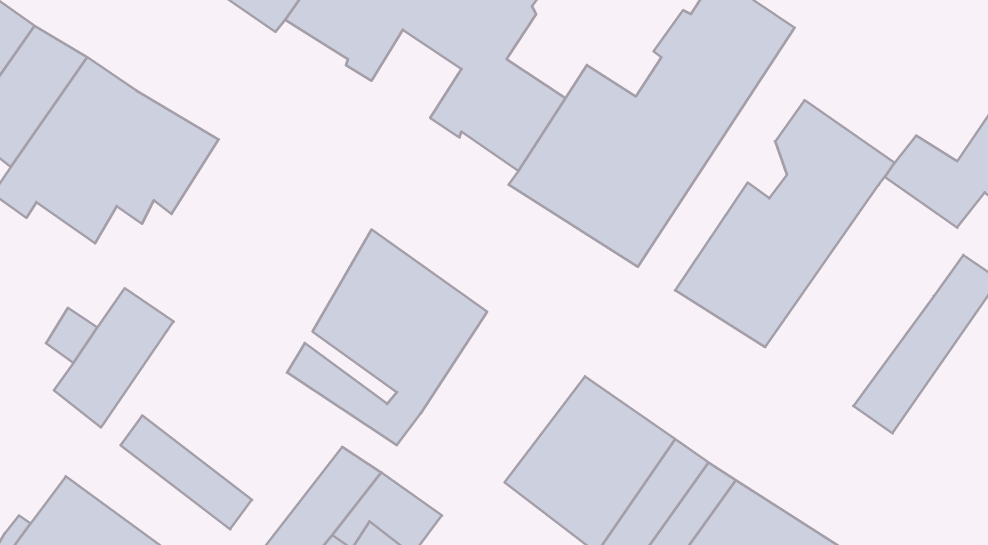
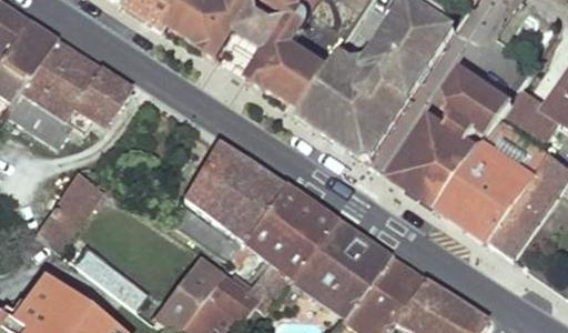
building: none -> [438,112,534,238]
building: none -> [243,184,336,295]

